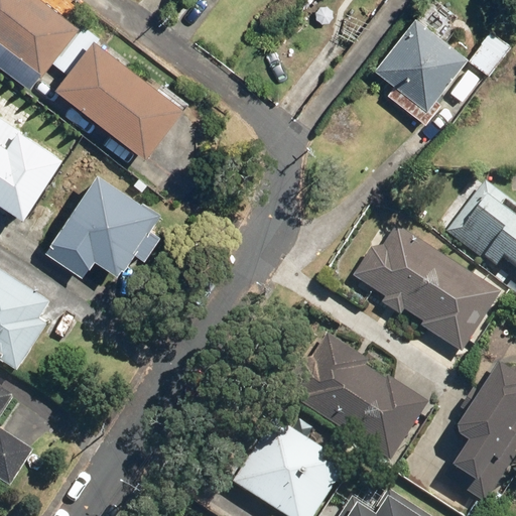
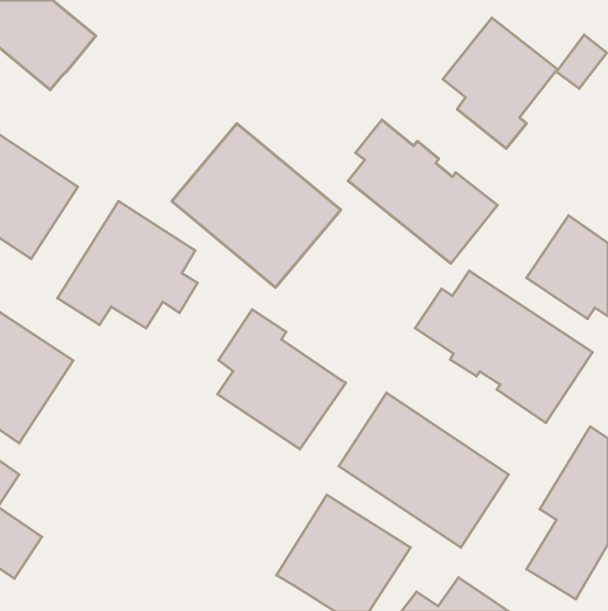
building: [52,25,187,162] -> none
building: none -> [348,120,497,263]
building: none -> [172,123,341,288]
building: none -> [217,309,346,449]

